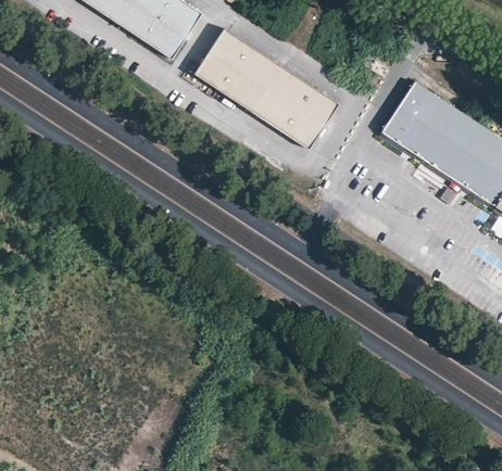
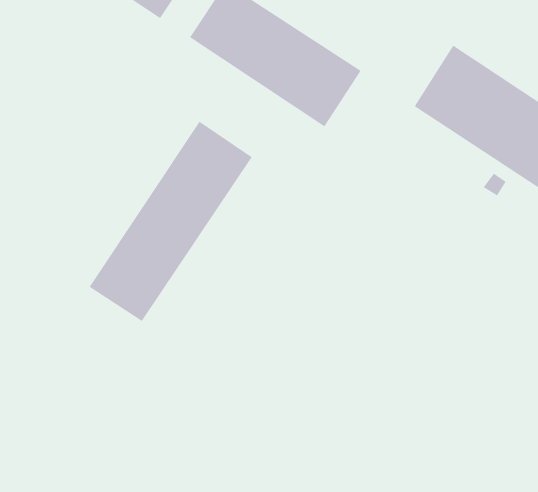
building: none -> [89,121,253,322]

